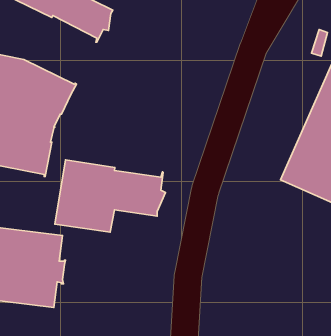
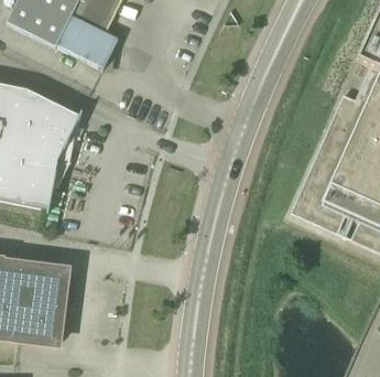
building: [55,160,166,232] -> none

